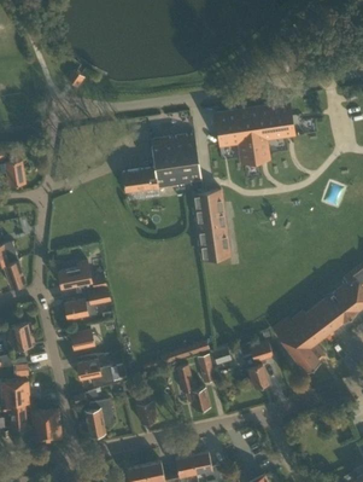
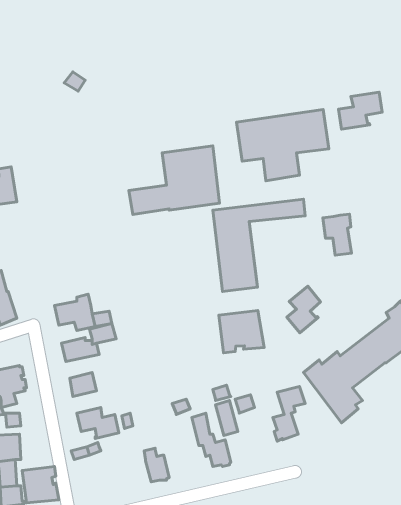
building: none -> [338,92,382,129]
building: none -> [323,214,351,255]
building: none -> [287,286,321,333]
building: none -> [219,311,264,353]
building: [84,401,113,437] -> none

